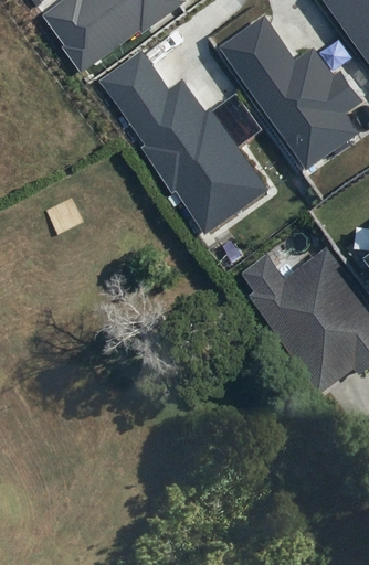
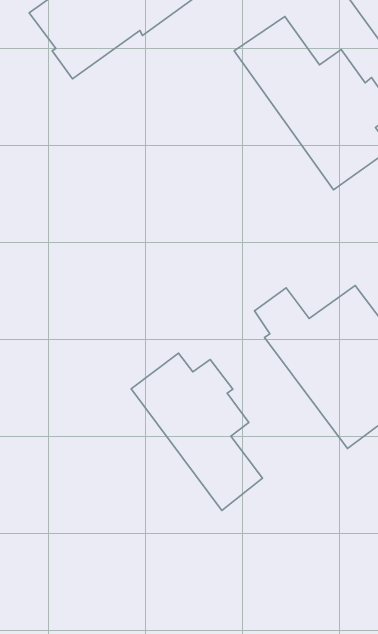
building: [98,51,267,232] -> none
building: none -> [131,353,263,511]

